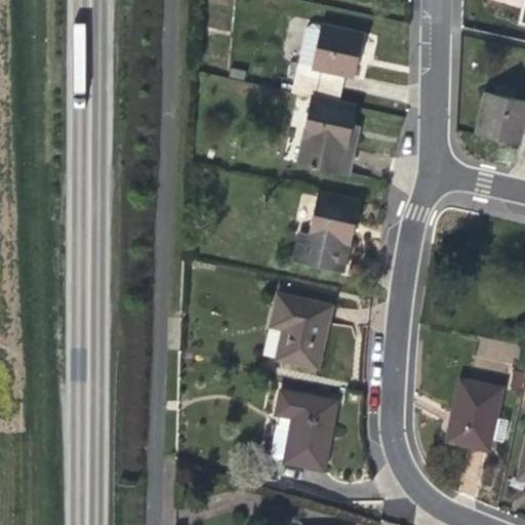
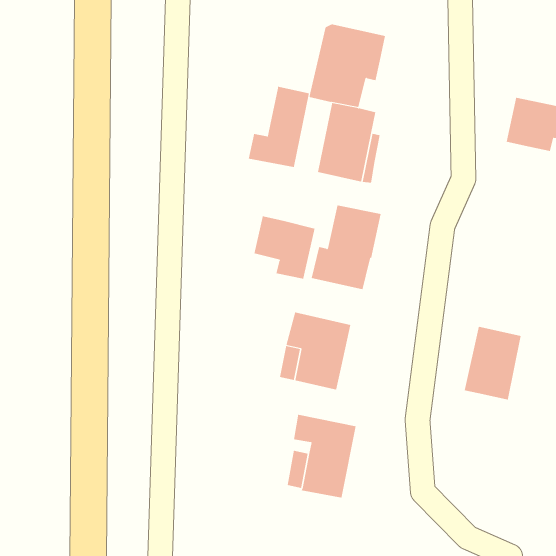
building: none -> [248,86,309,168]
building: none -> [254,215,315,279]
building: [447,379,501,449] -> [464,326,522,400]

